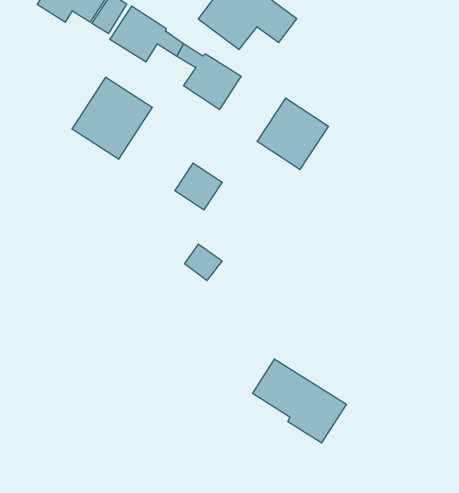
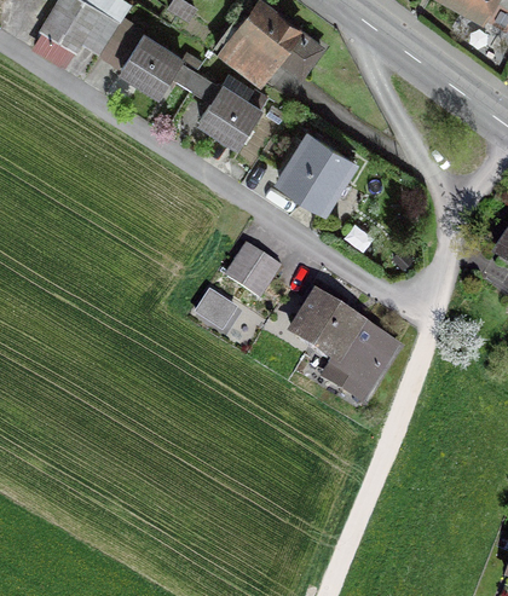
building: [72,77,152,159] -> none
building: [175,163,222,210] -> [227,249,278,299]
building: [253,359,347,443] -> [295,300,396,389]

